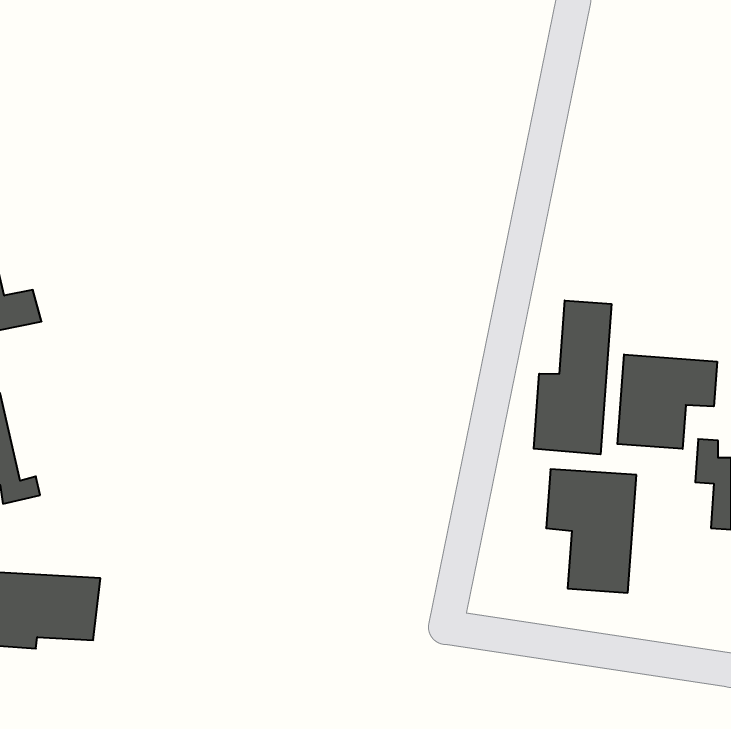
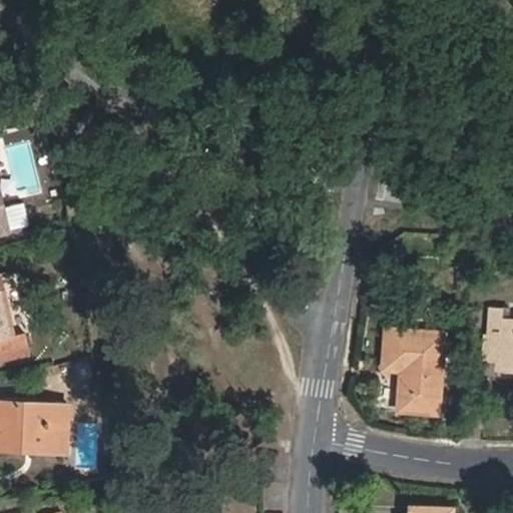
building: [534,300,611,454] -> none
building: [617,354,717,449] -> none

